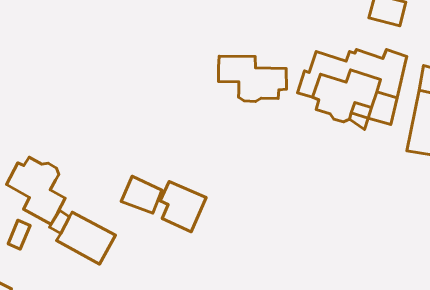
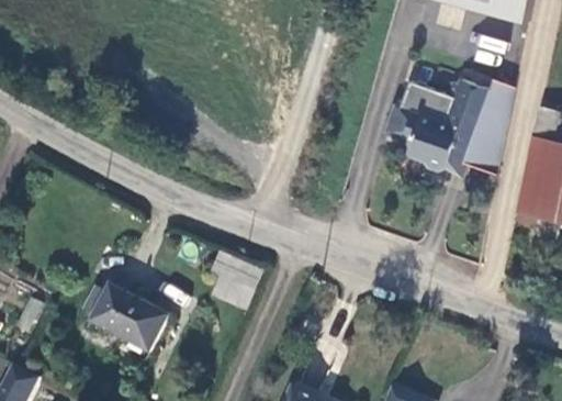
building: [219,56,286,101] -> none
building: [7,157,65,224] -> none
building: [121,176,162,213] -> none

